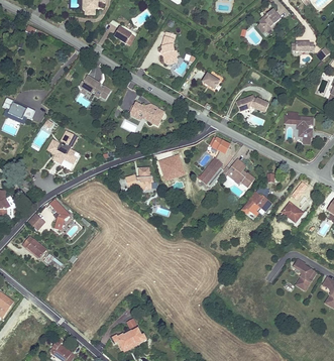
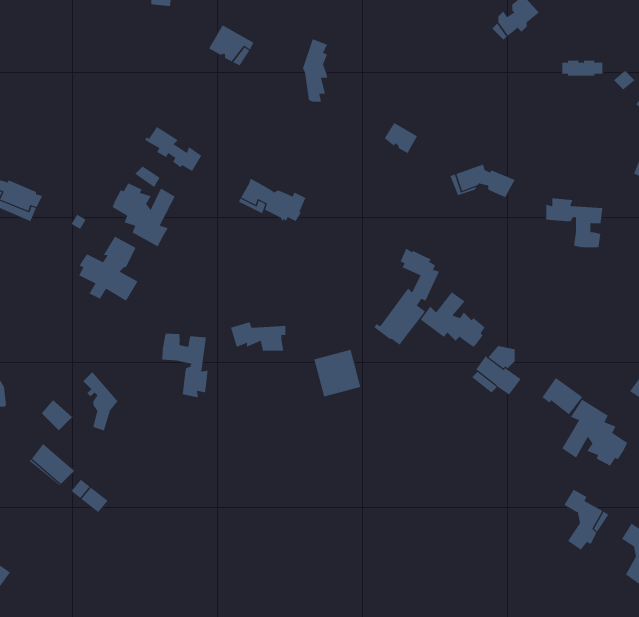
building: none -> [112,183,176,247]
building: [158,154,183,178] -> [313,349,361,397]
building: none -> [162,333,208,398]
building: none -> [562,399,628,466]

